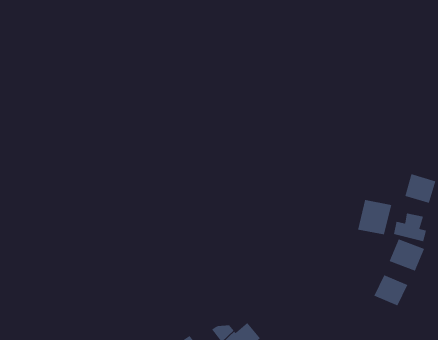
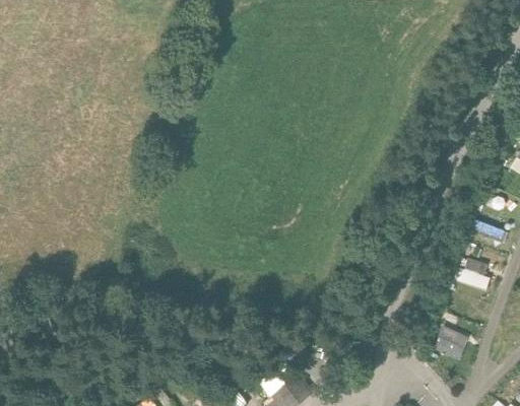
building: [357,199,392,235] -> none
building: [389,238,425,271] -> none

